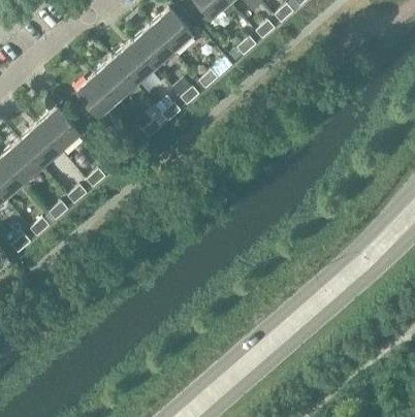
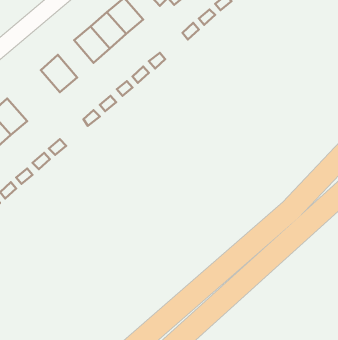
building: [96,58,136,100] -> none
building: [38,107,79,150] -> none

